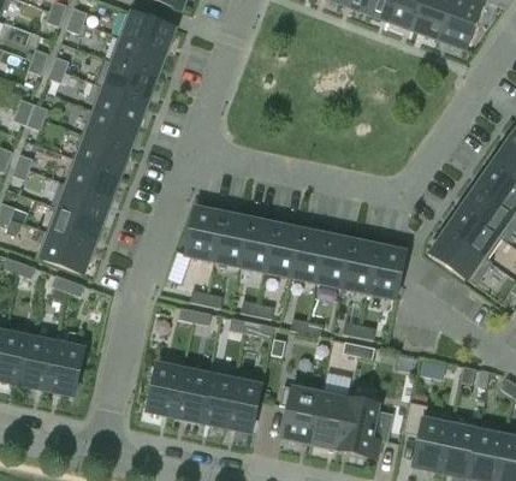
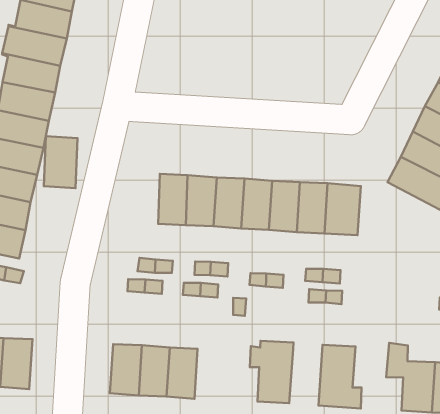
building: [185,208,223,260] -> [44,136,77,188]
building: [224,380,260,430] -> none
building: [310,387,349,449] -> none

